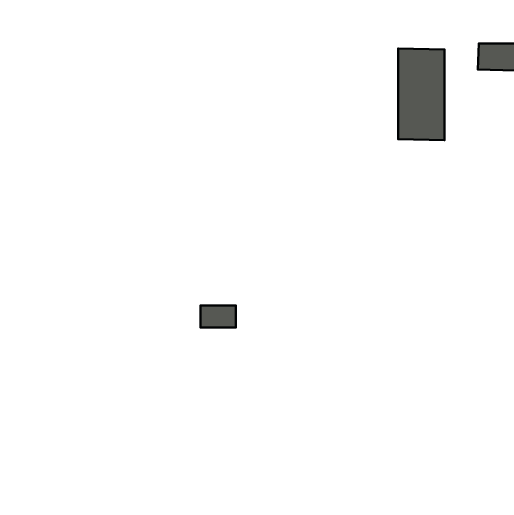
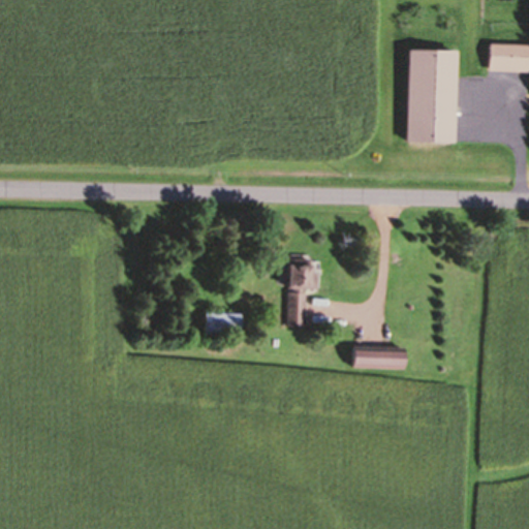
building: none -> [288,258,321,315]
building: none -> [353,348,405,370]

